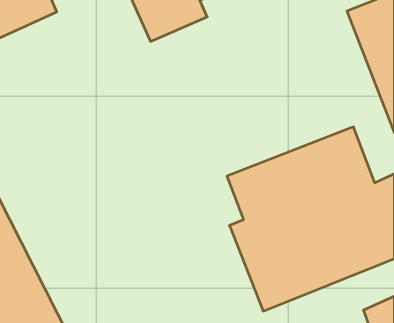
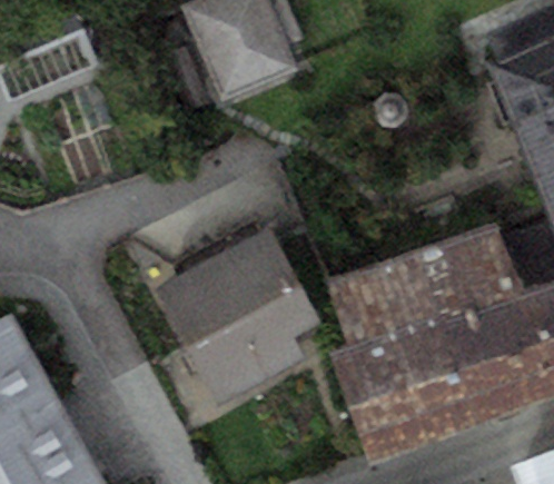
building: none -> [154,226,321,406]

